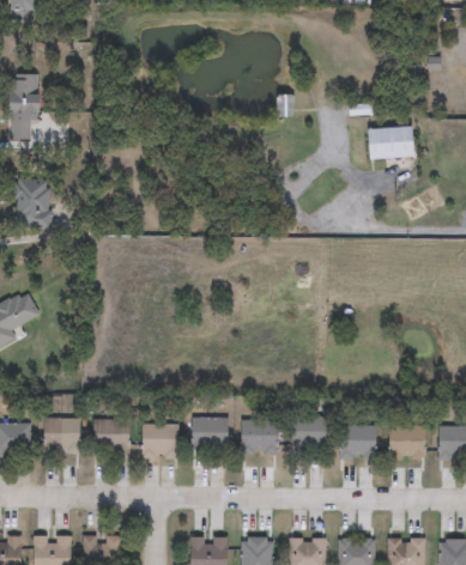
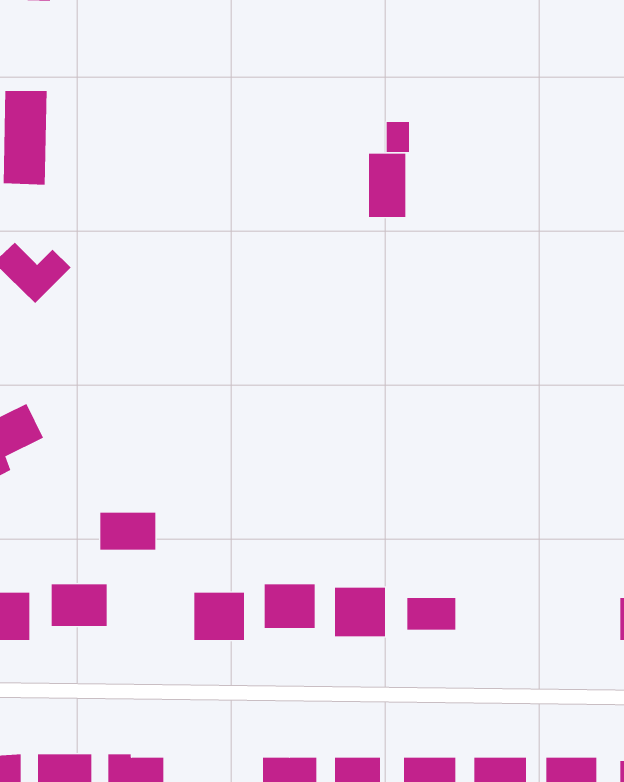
building: none -> [368,153,406,218]
building: [369,127,414,157] -> none
building: [90,419,129,445] -> [99,512,156,550]
building: [339,425,375,458] -> none
building: [388,425,424,466] -> none

